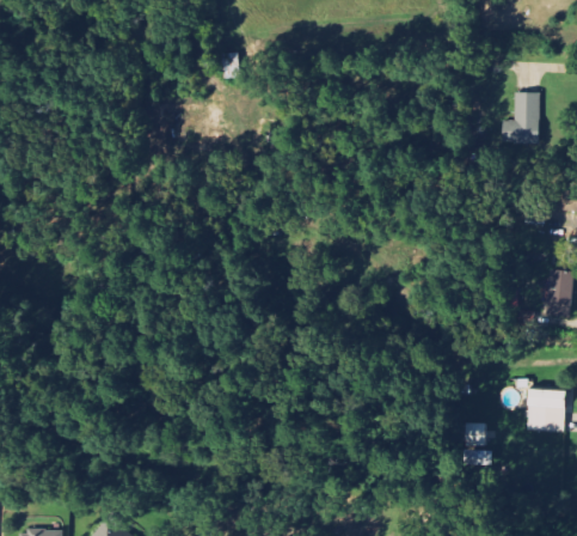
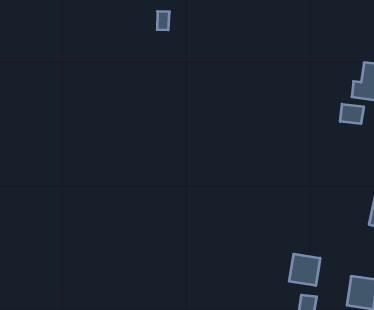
building: none -> [340,104,364,124]
building: none -> [289,254,320,286]

